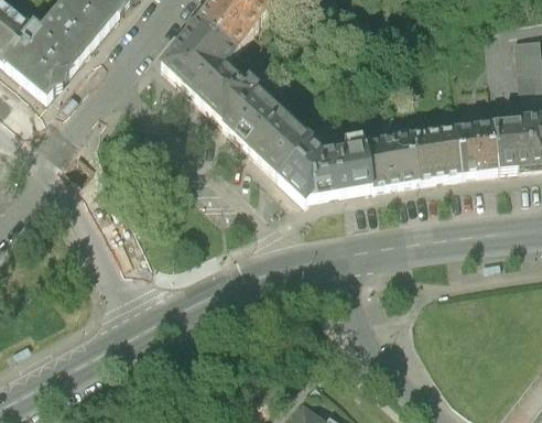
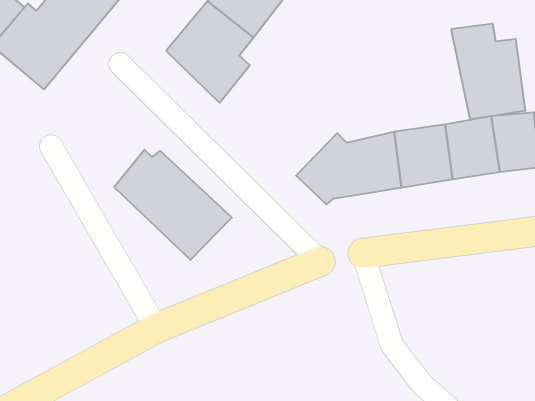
building: none -> [451,23,525,119]
building: [205,77,312,177] -> [114,150,232,260]

